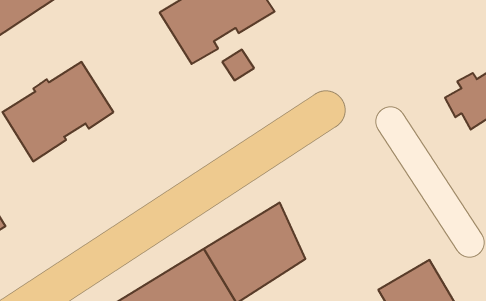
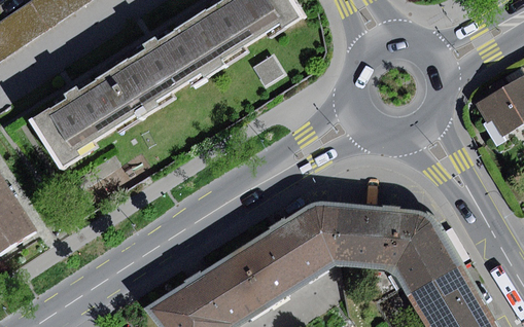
building: none -> [110,17,220,117]
building: none -> [309,205,459,295]

